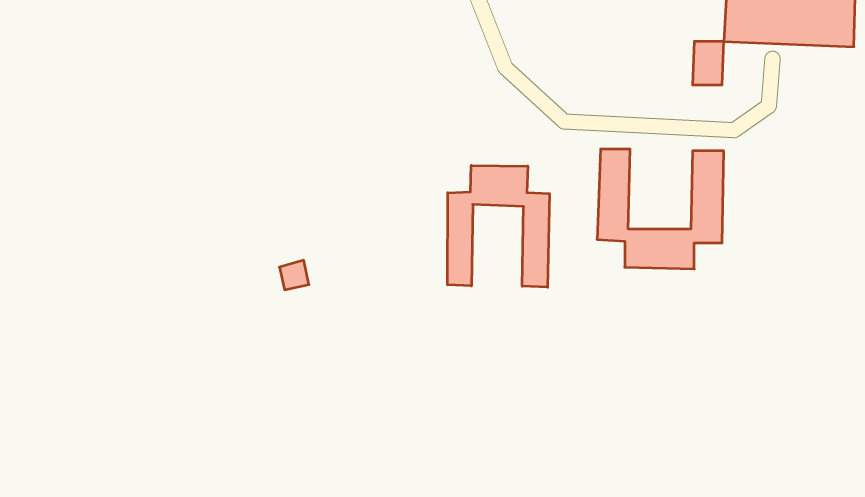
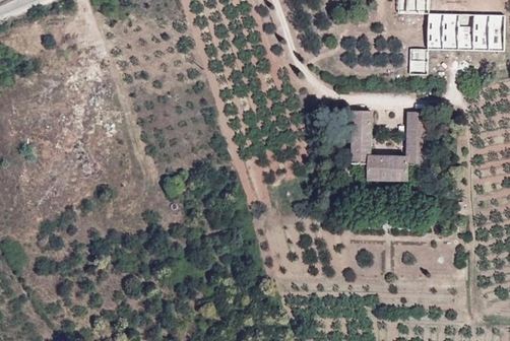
building: [447,165,549,287] -> none

